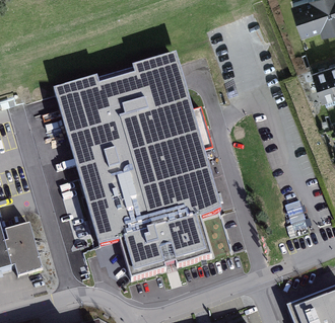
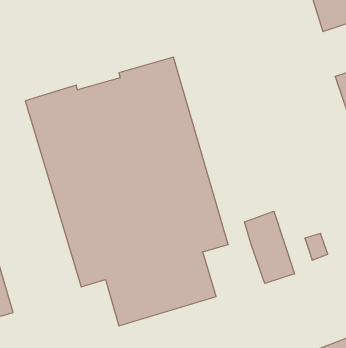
building: none -> [245,211,295,283]

